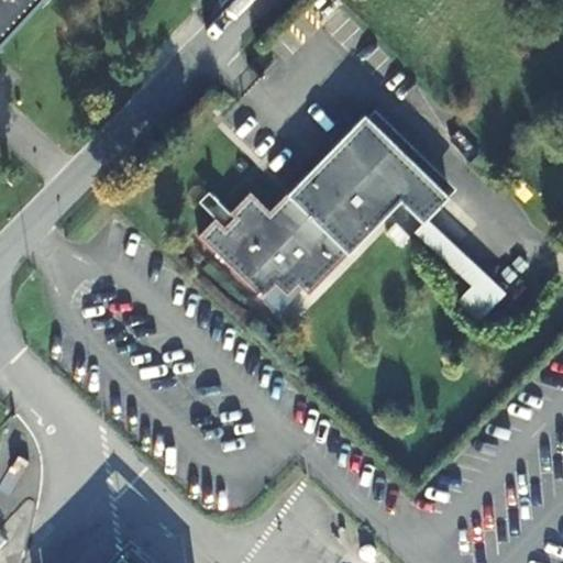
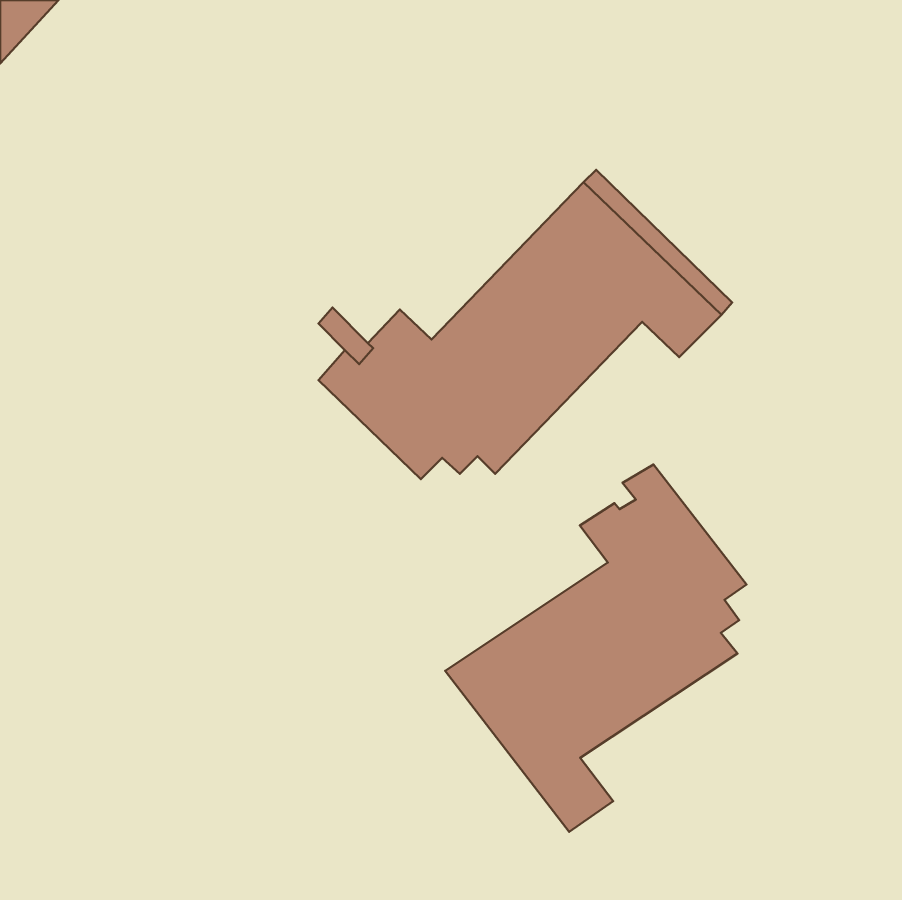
building: [418,224,505,319] -> none
building: none -> [445,465,746,832]

